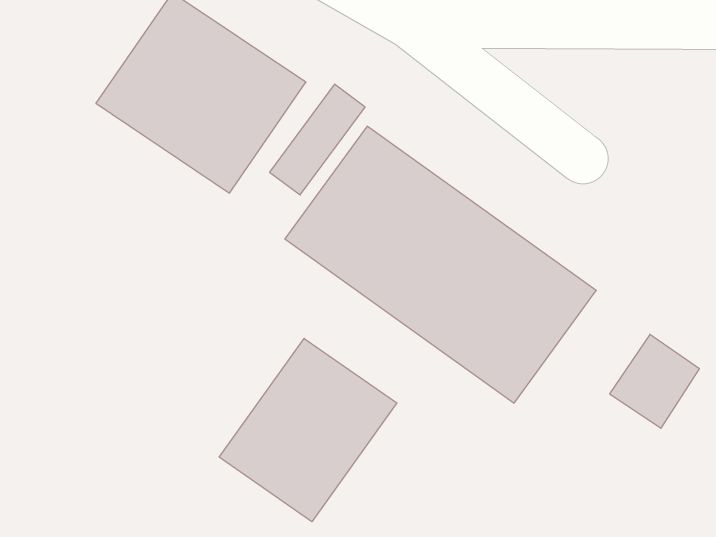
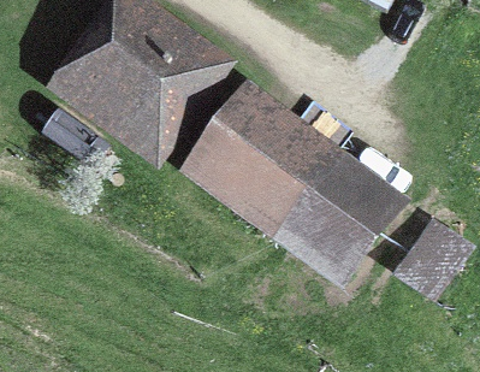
building: [219,338,397,522] -> none

